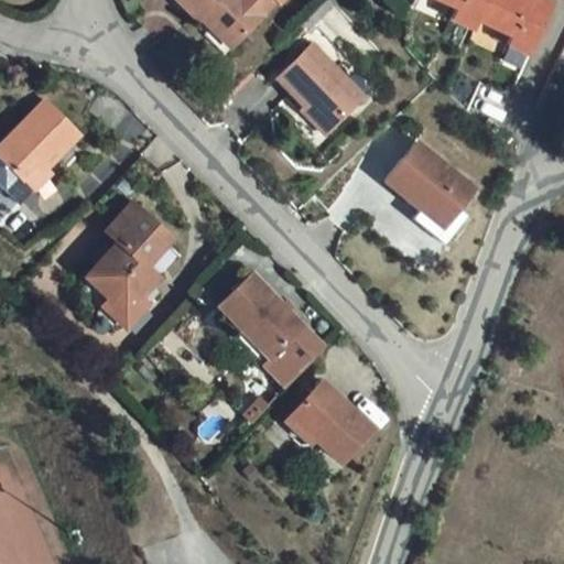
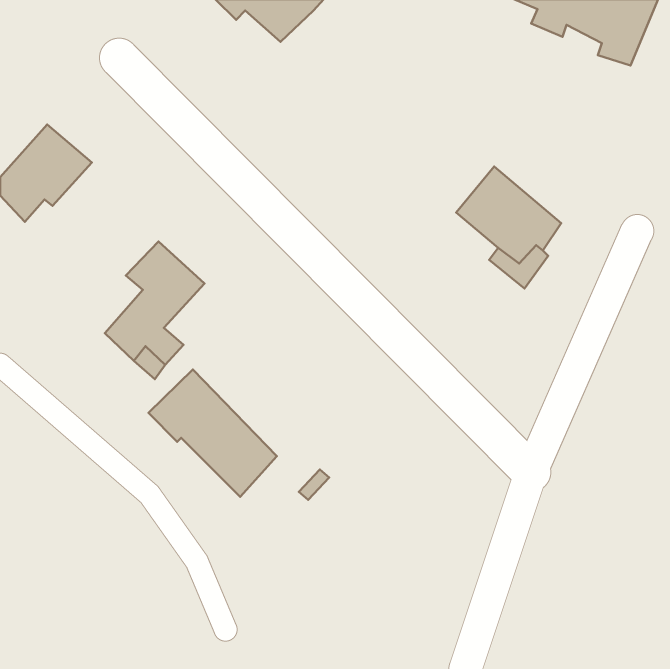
building: [281,48,365,132] -> none
building: [216,275,324,382] -> [148,370,277,497]
building: [297,380,376,457] -> none

